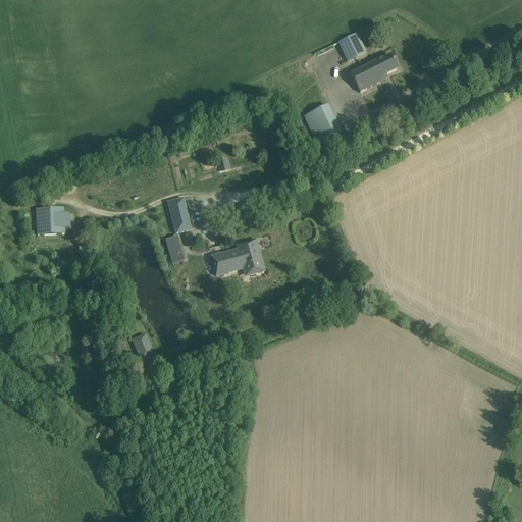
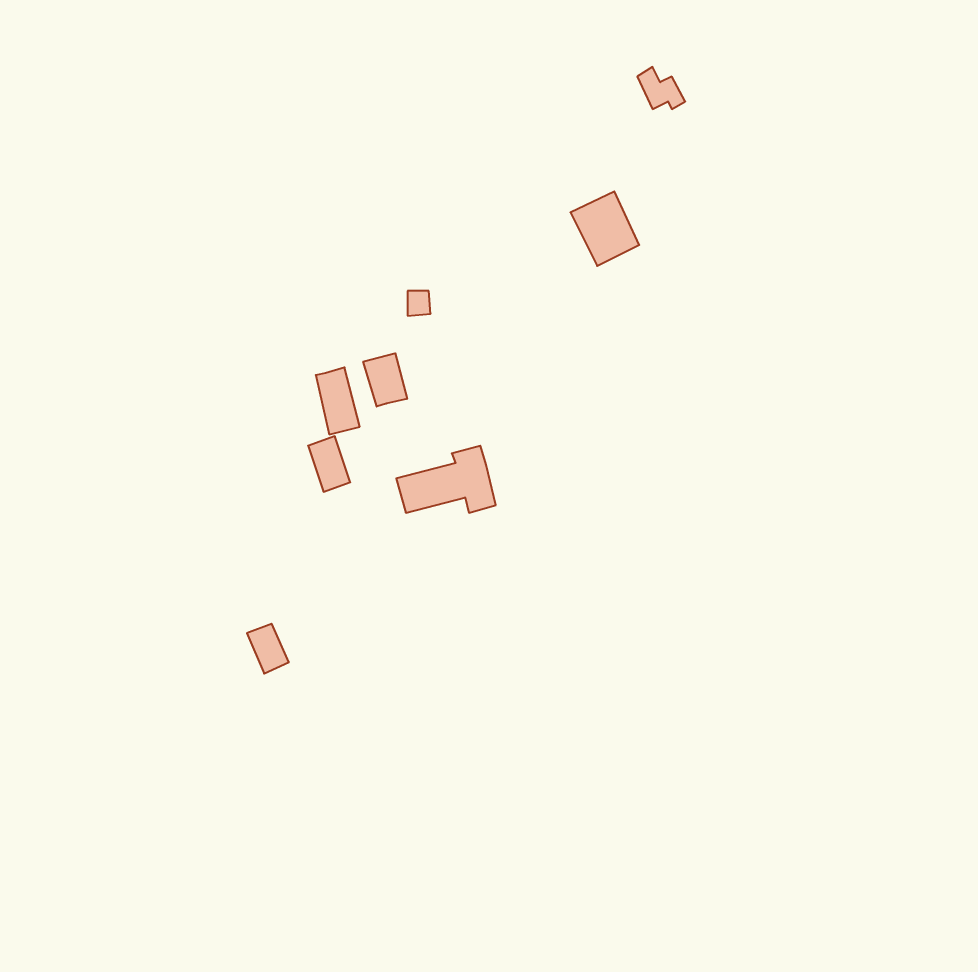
building: [351,52,397,89] -> none
building: none -> [363,353,407,407]
building: [37,206,64,232] -> none

